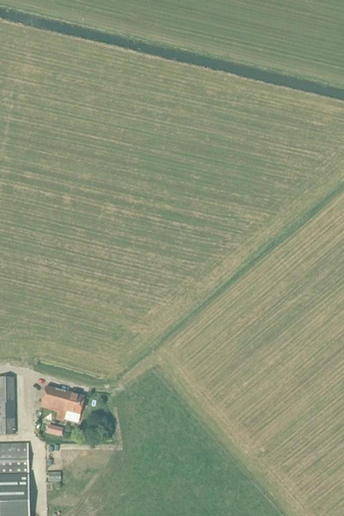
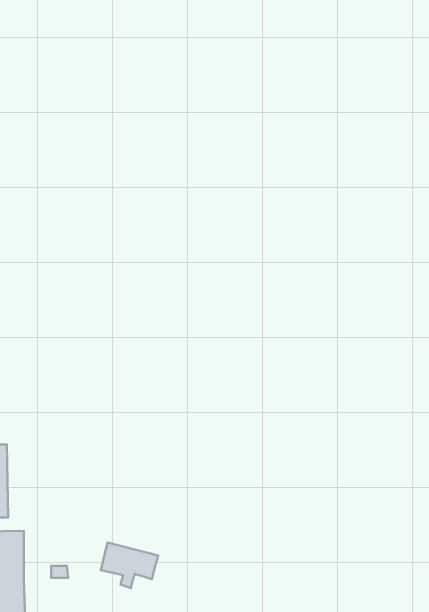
building: [41,386,86,422] -> [101,543,158,588]

